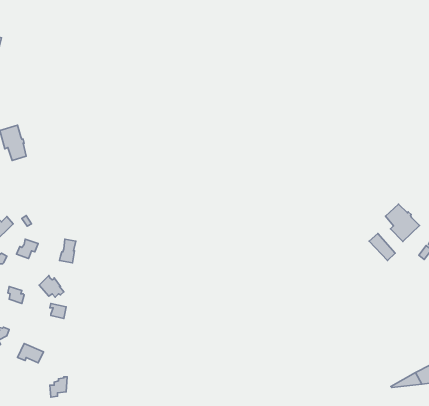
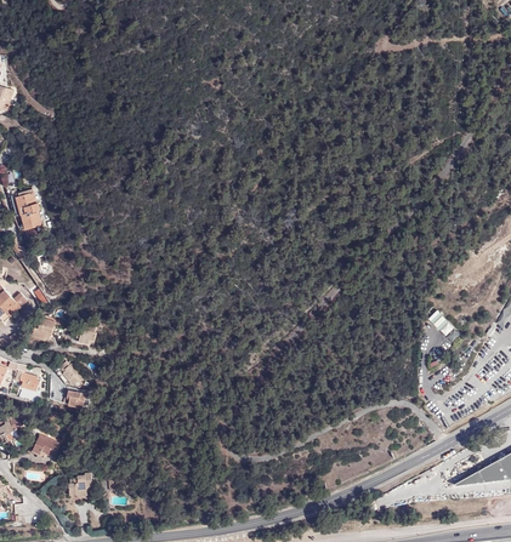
building: [385,204,420,242] -> none

